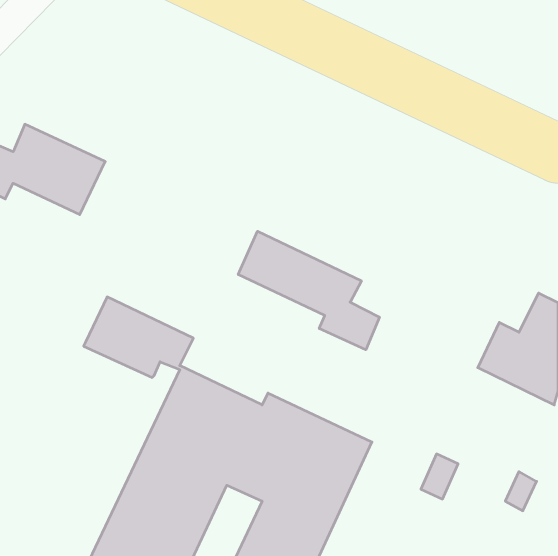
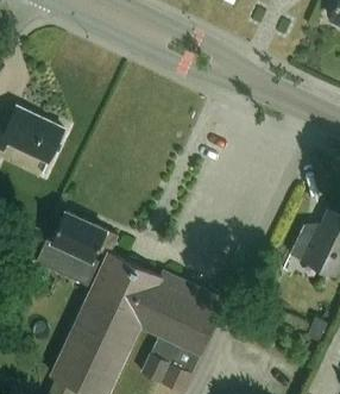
building: [238,231,379,350] -> none
building: none -> [36,237,97,286]

